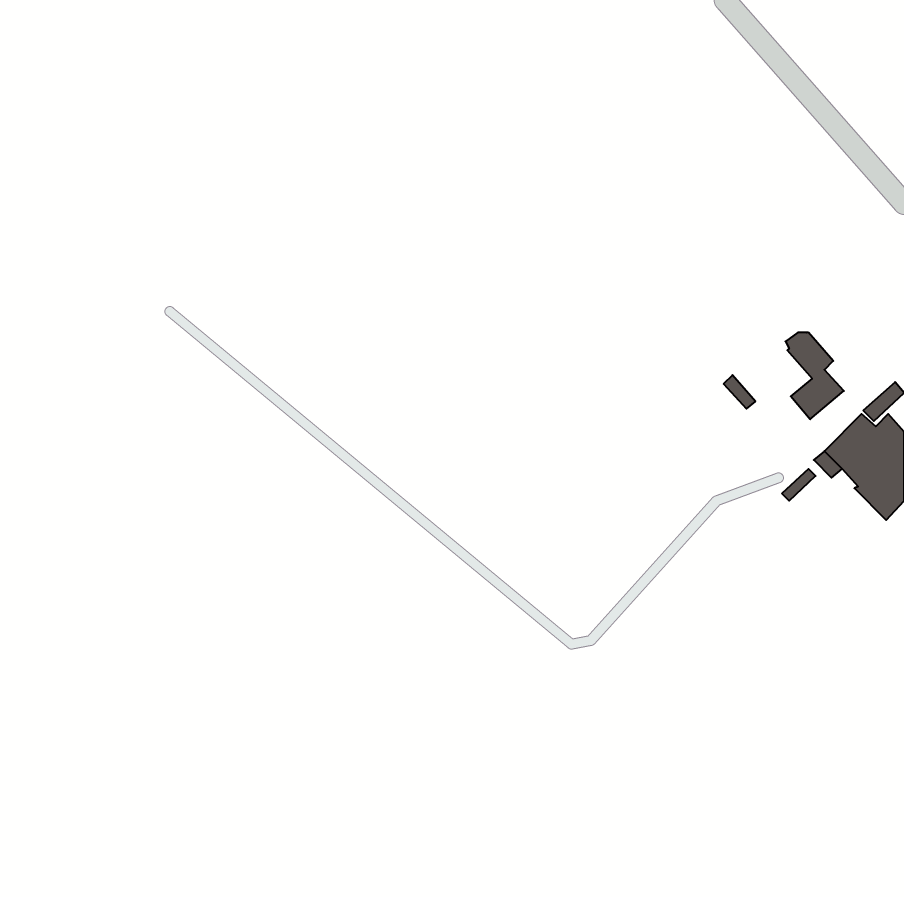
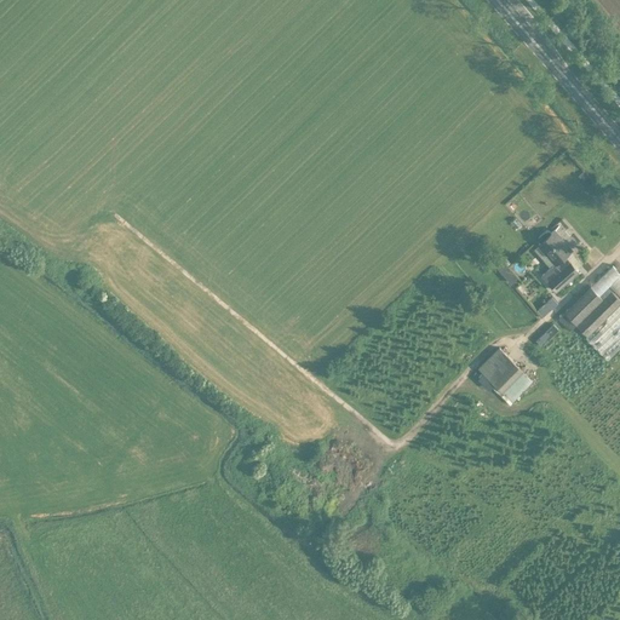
building: none -> [478,349,532,402]

